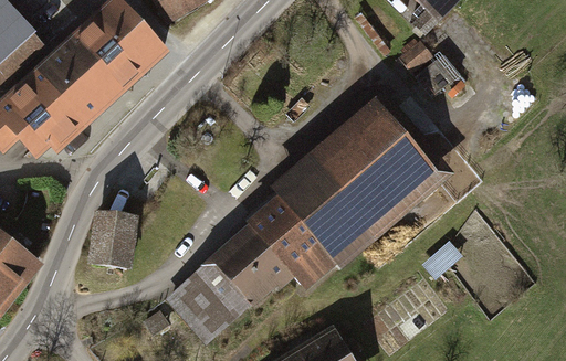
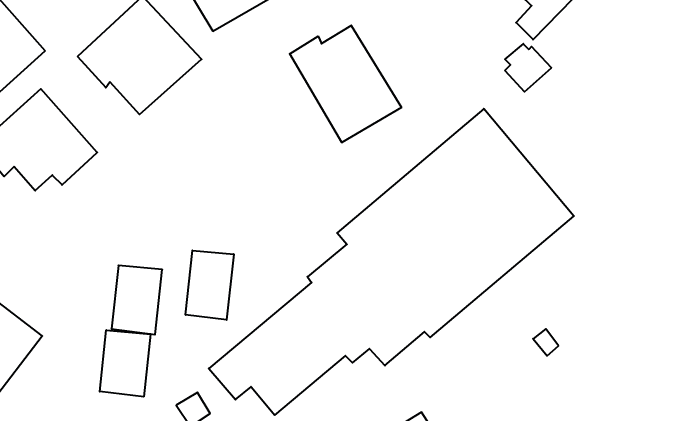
building: none -> [290,25,401,143]
building: [38,47,115,123] -> none
building: none -> [186,250,234,320]
building: none -> [100,330,151,397]

